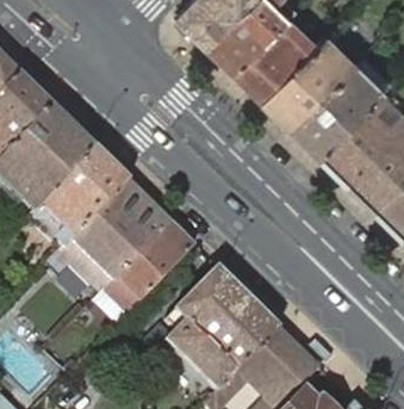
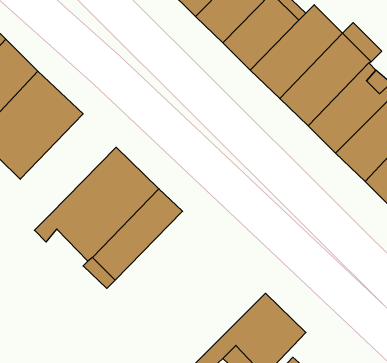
building: [27,143,128,244] -> none
building: [167,265,278,385] -> none

